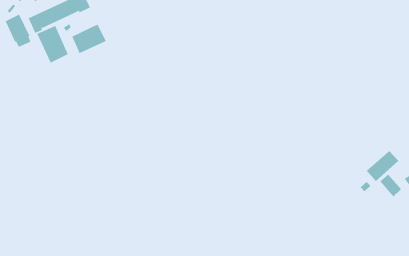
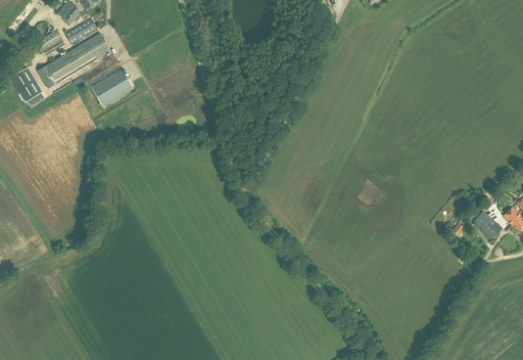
building: [36,25,69,63] -> none
building: [366,150,399,182] -> none

